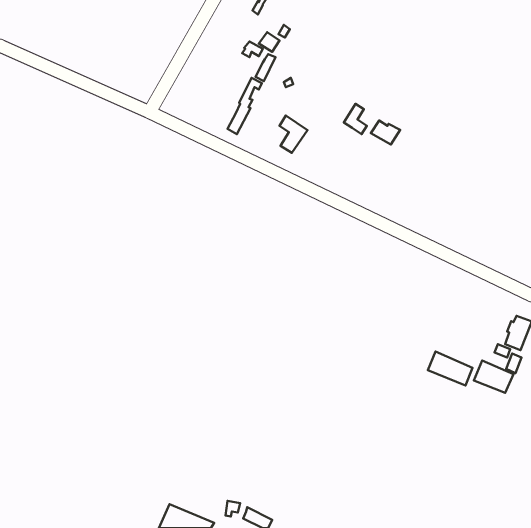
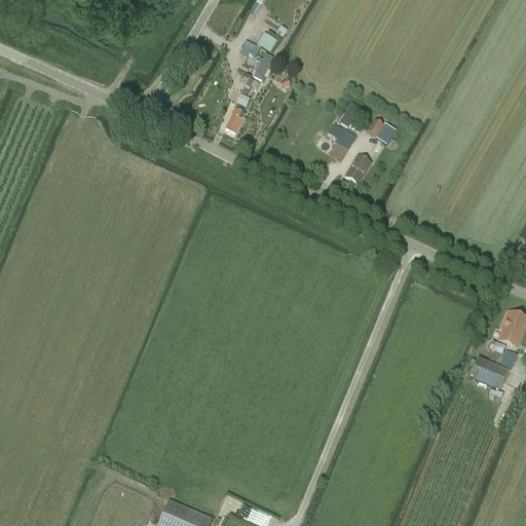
building: [279,116,308,153] -> [328,123,355,160]
building: none -> [344,154,371,184]
building: [428,352,473,386] -> none

